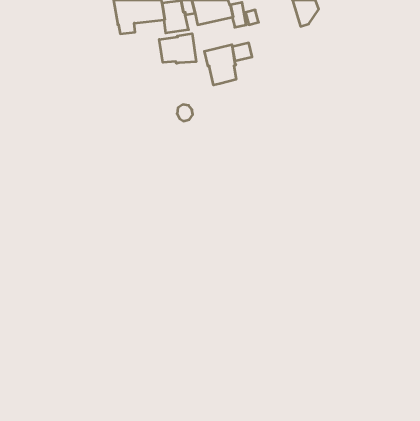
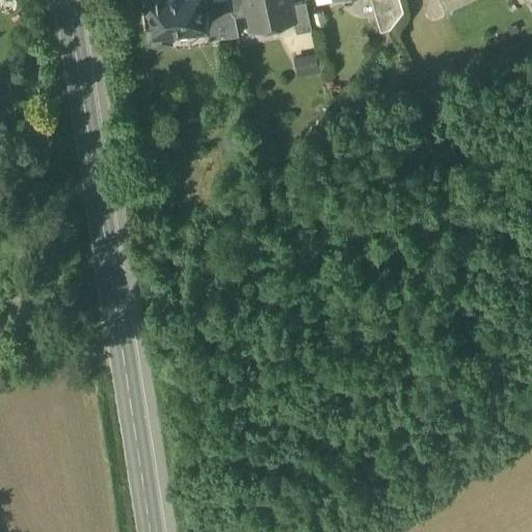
building: [159,34,196,63] -> none
building: [204,45,236,85] -> none

